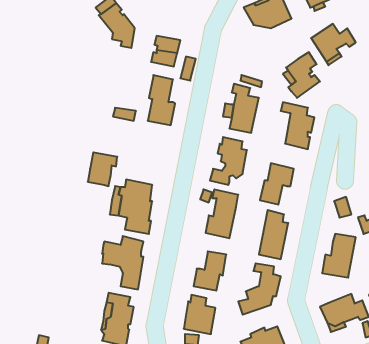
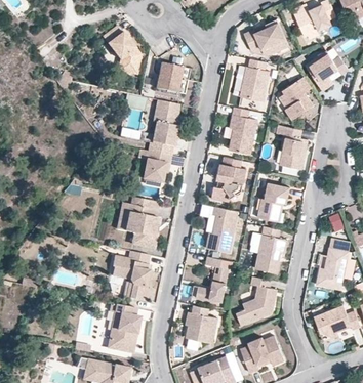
building: none -> [239,60,269,101]
building: [88,152,117,186] -> [143,152,170,183]

